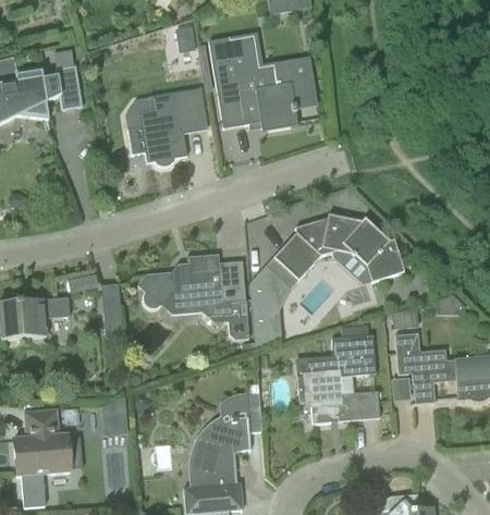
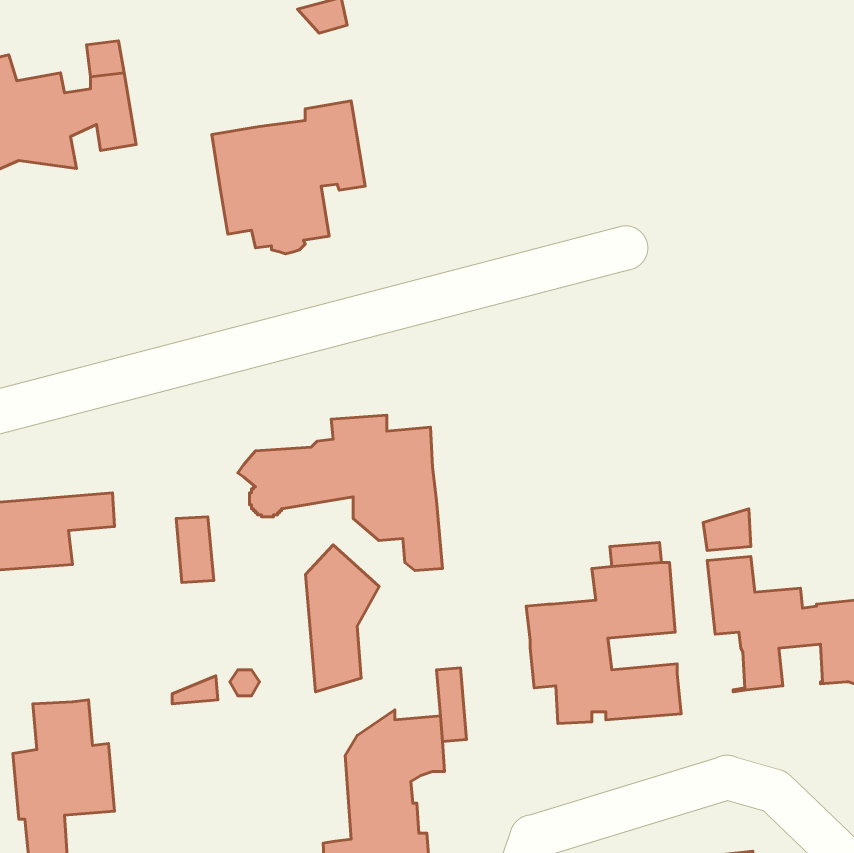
building: [209,33,310,131] -> none
building: [273,214,404,281] -> none
building: [250,266,291,346] -> [305,545,379,692]

